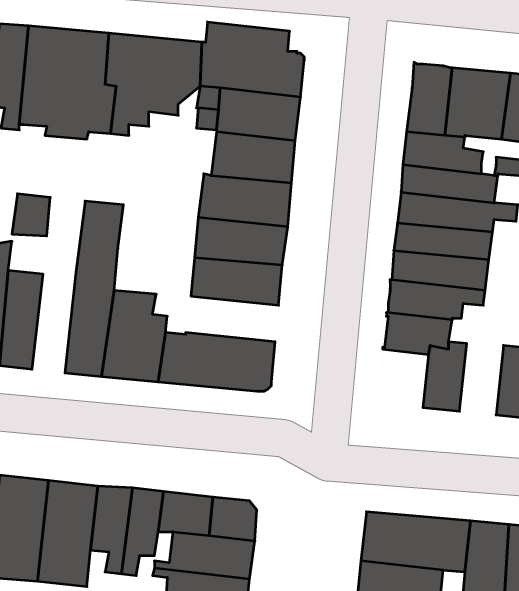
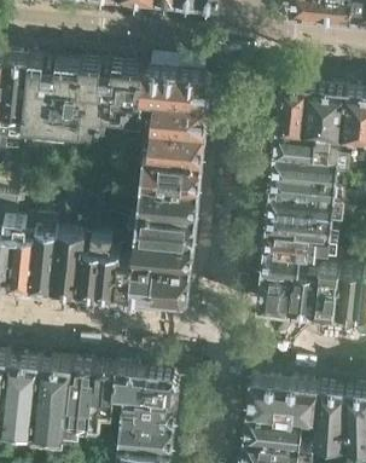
building: none -> [29,225,58,294]
building: none -> [130,243,192,273]
building: none -> [312,273,341,322]
building: none -> [257,278,291,317]

